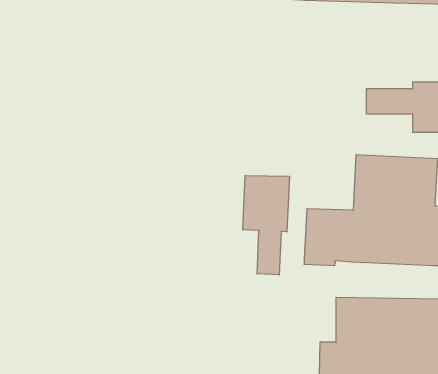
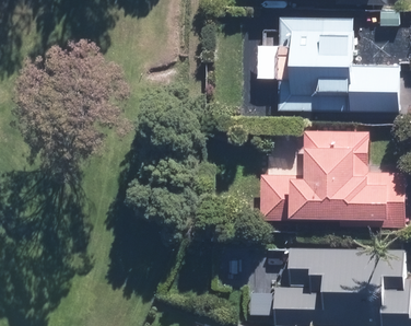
building: none -> [257,14,355,79]
building: [243,175,289,275] -> none

